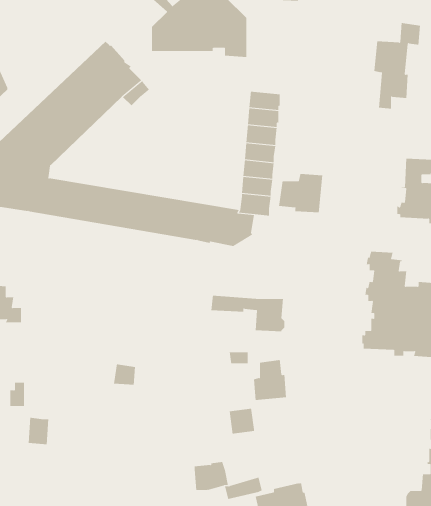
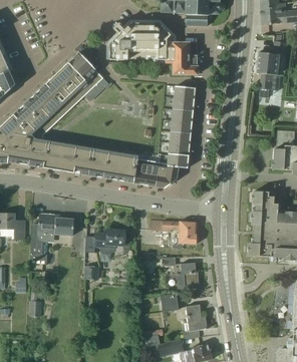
building: none -> [173,42,198,74]
building: [279,173,323,213] -> none
building: none -> [30,214,73,261]
building: none -> [94,229,125,254]
building: none -> [178,305,207,331]

